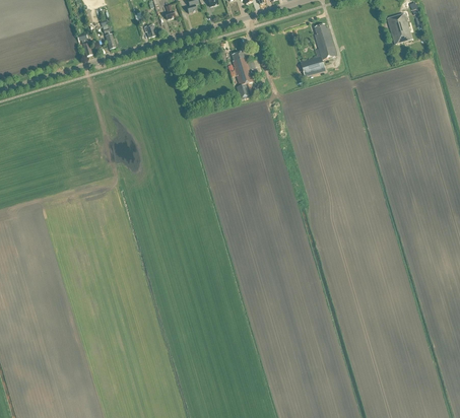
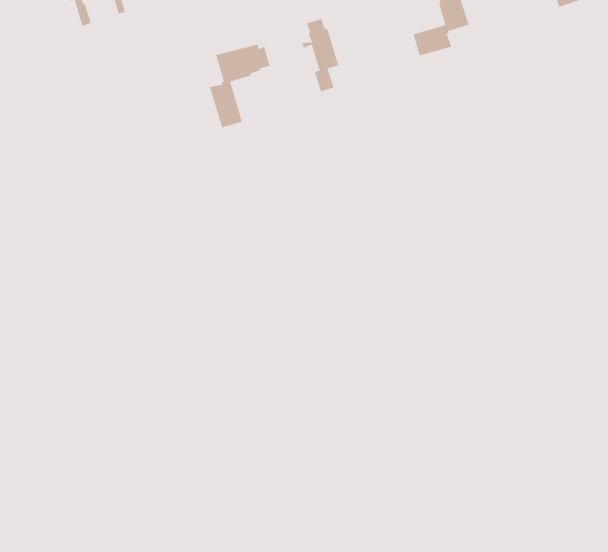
building: none -> [209,44,270,128]

